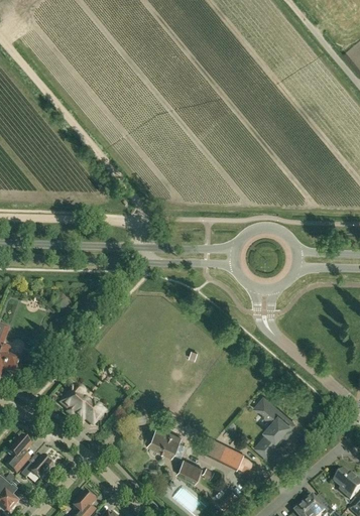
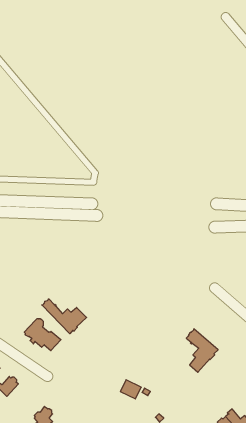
building: none -> [42,299,87,334]
building: [148,427,181,458] -> none
building: [202,438,243,470] -> none

